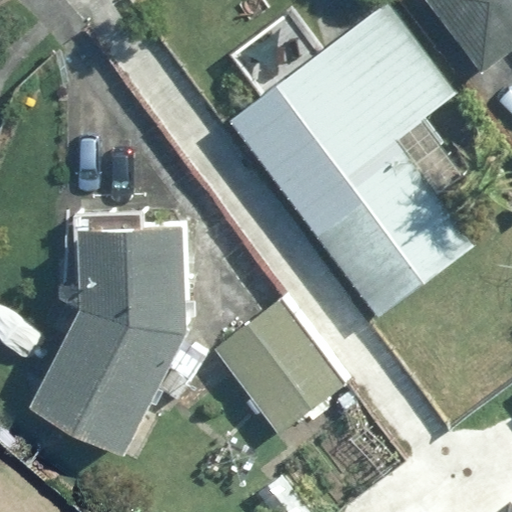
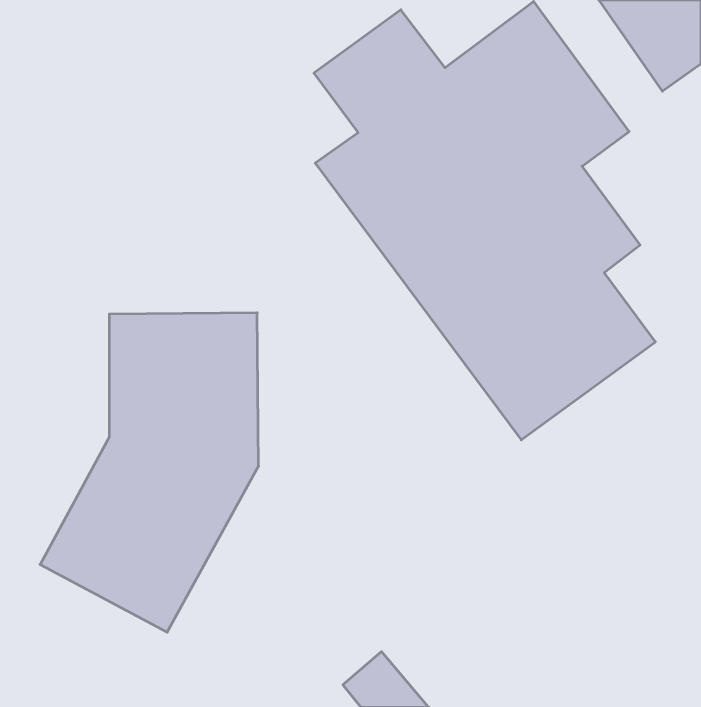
building: [212,293,351,435] -> none

